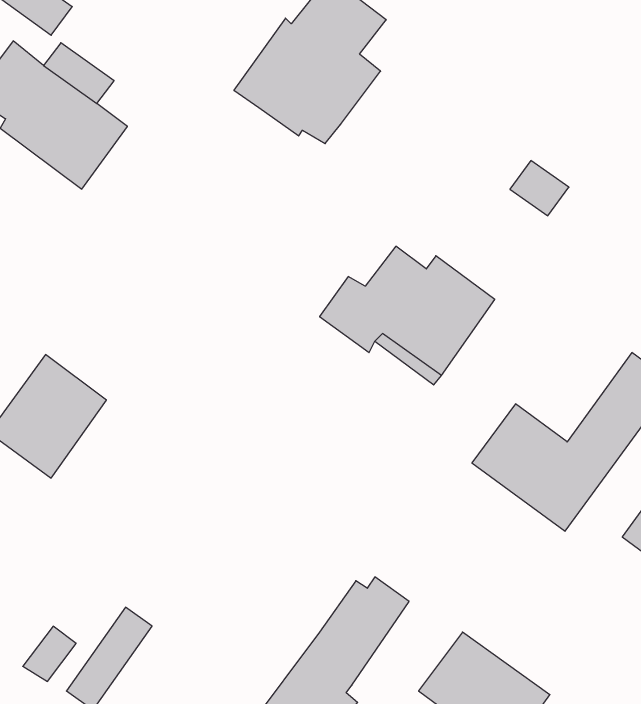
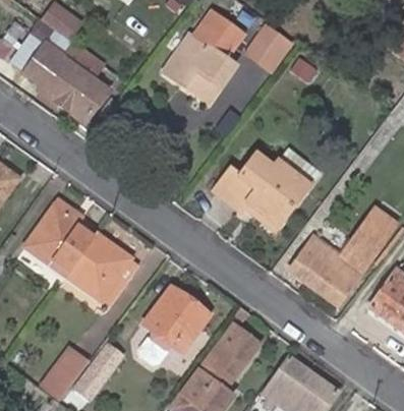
building: none -> [248,25,293,70]
building: none -> [67,234,131,299]
building: none -> [145,288,208,352]

